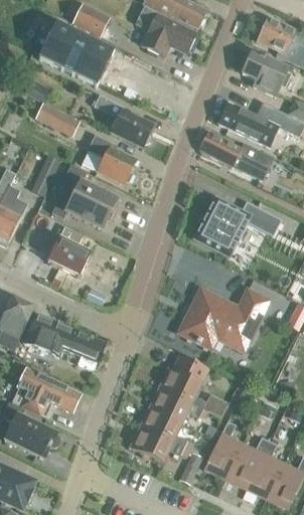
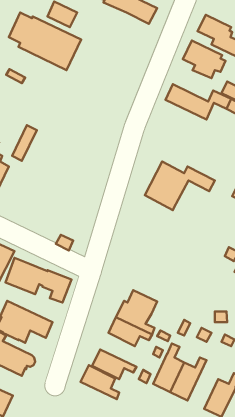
building: [134,7,199,57] -> none
building: [96,94,155,146] -> none
building: [36,104,79,136] -> none
building: [199,131,273,180] -> none
building: [83,135,137,183] -> none
building: [53,164,118,228] -> none
building: [37,225,91,277] -> none
building: [185,290,270,352] -> none
building: [139,406,186,448] -> [80,365,119,399]
building: [246,440,283,499] -> none

